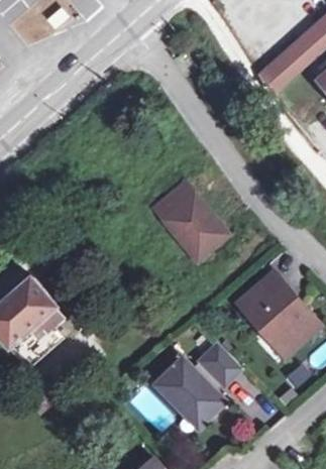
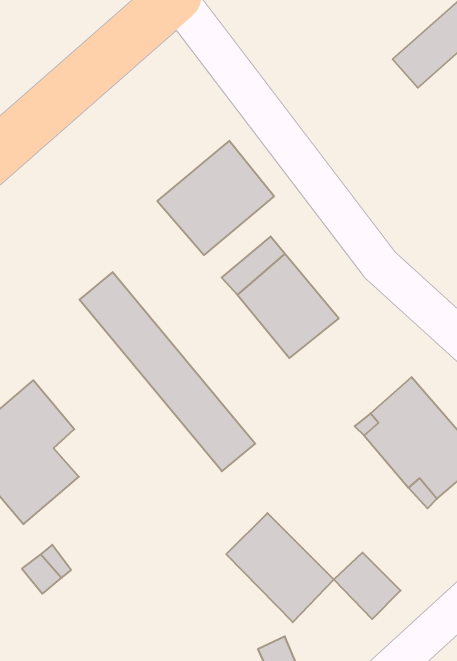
building: none -> [157,141,274,255]
building: none -> [79,272,255,471]
building: [199,345,241,387] -> [334,553,401,619]

